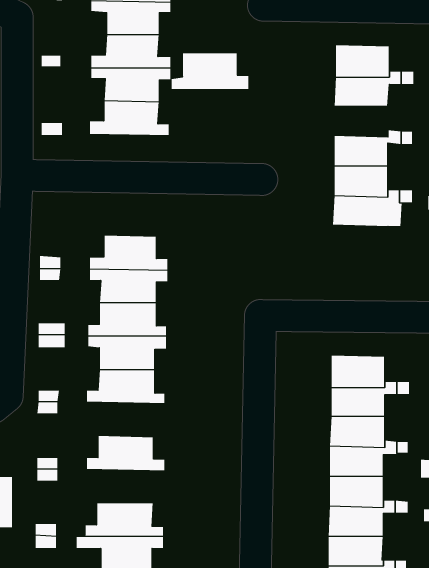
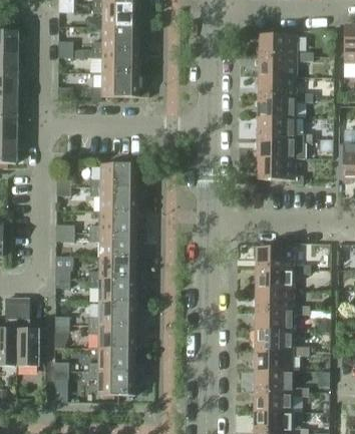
building: [171,53,249,90] -> none
building: none -> [259,76,296,97]
building: none -> [258,157,304,184]
building: none -> [89,279,143,303]
building: none -> [89,325,143,348]

